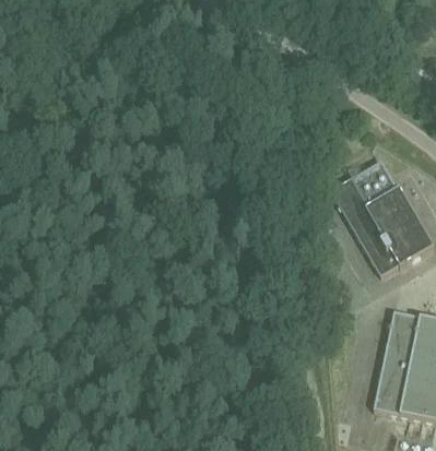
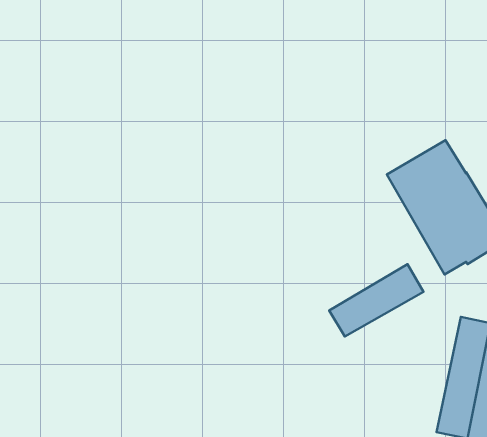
building: none -> [329,264,424,337]

